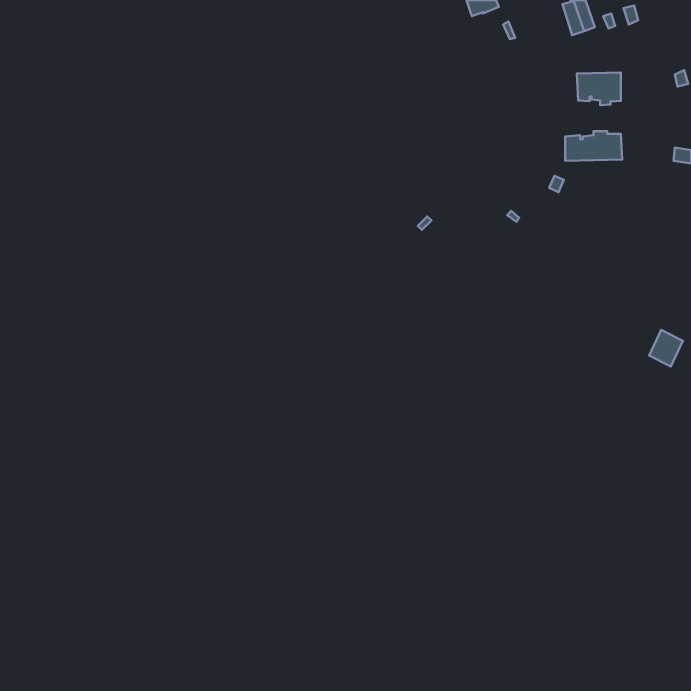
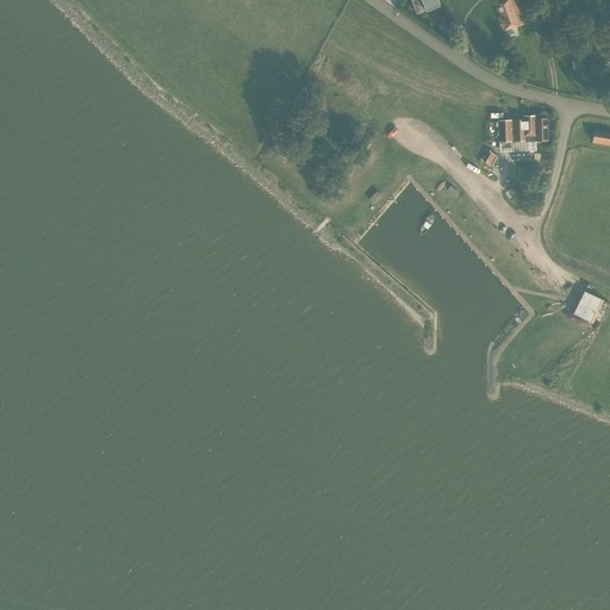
building: [577,72,621,105] -> none

